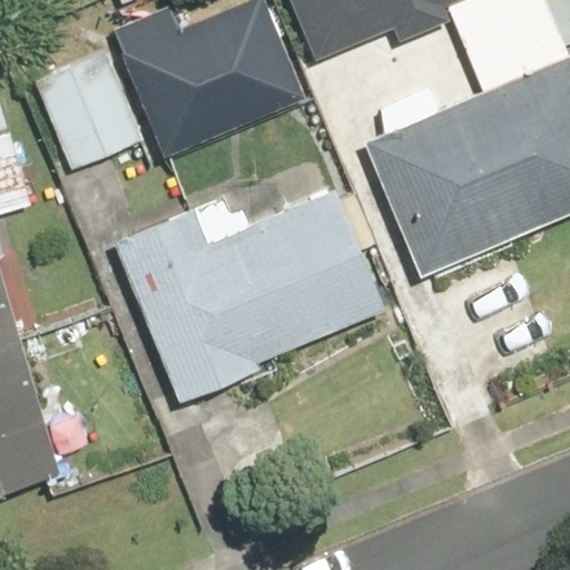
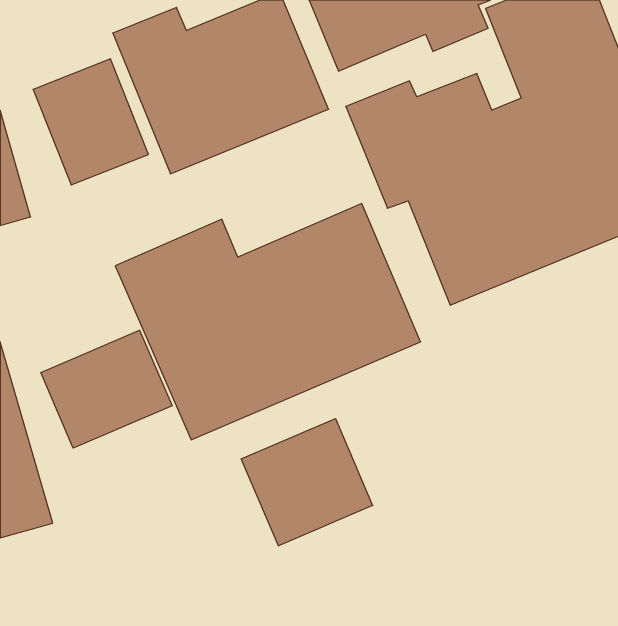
building: none -> [41,330,172,448]
building: none -> [241,419,373,546]

